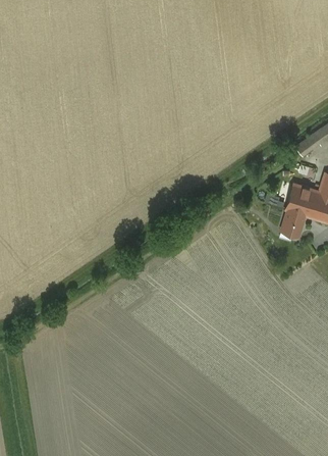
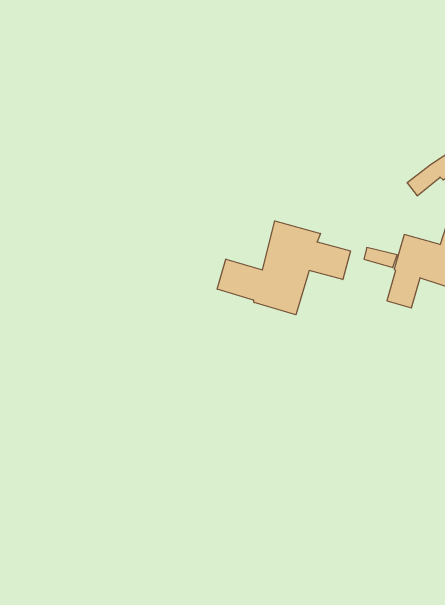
building: none -> [217,221,351,315]

